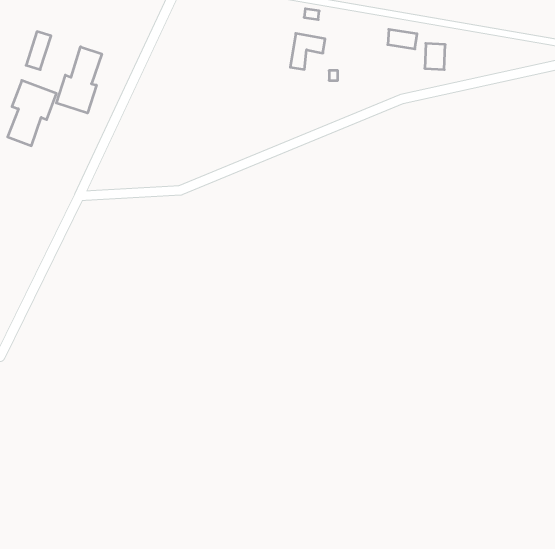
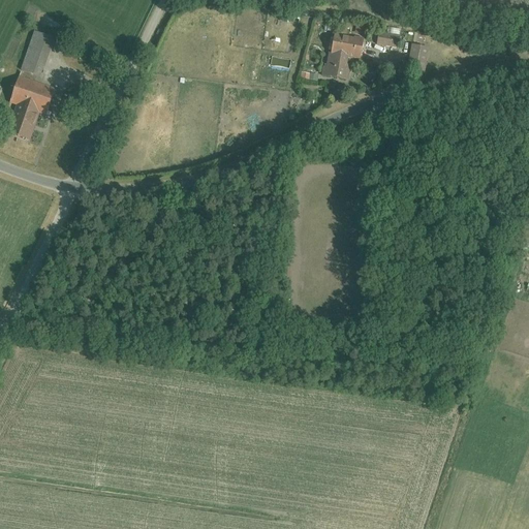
building: [290,33,325,69] -> [328,35,361,69]
building: [56,47,102,113] -> none

